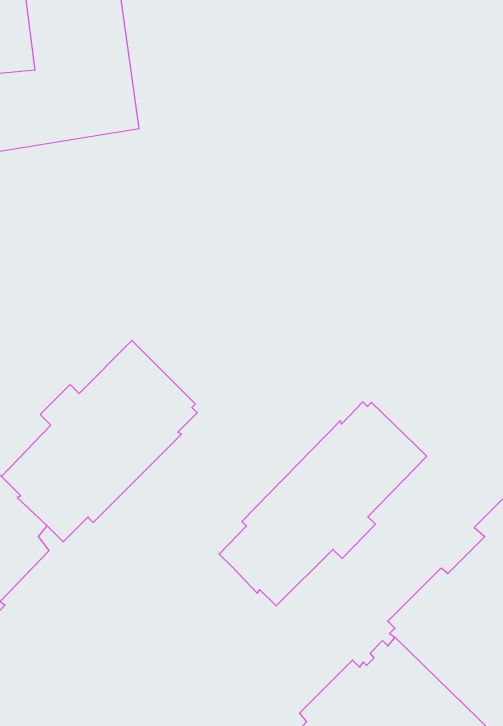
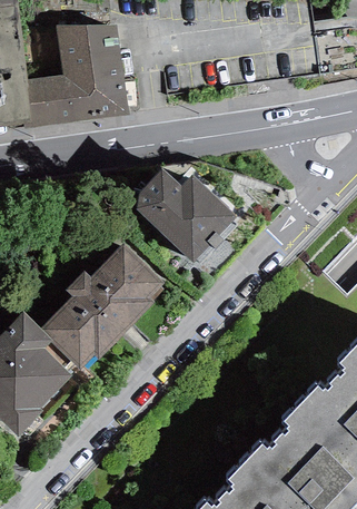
building: none -> [129,170,235,265]
building: [219,402,427,606] -> none

